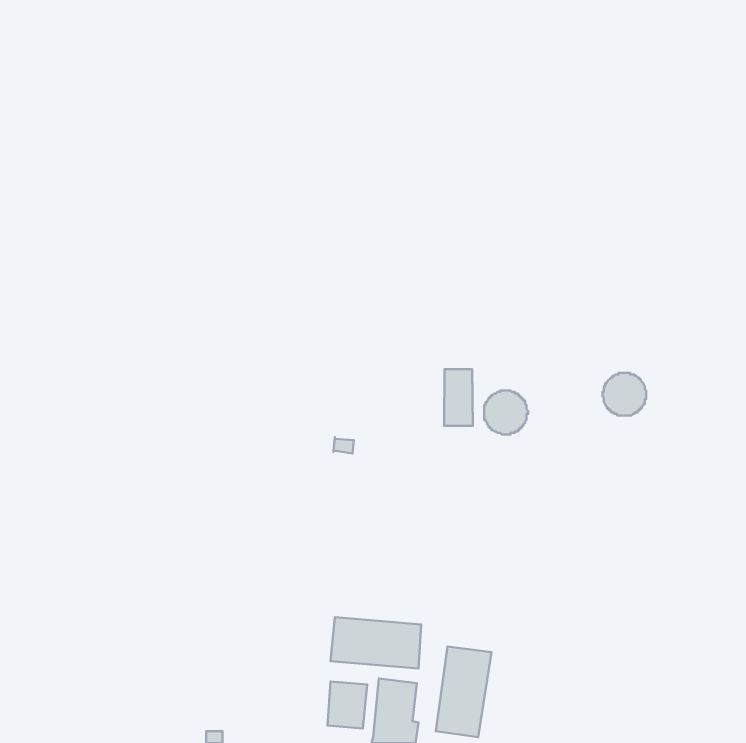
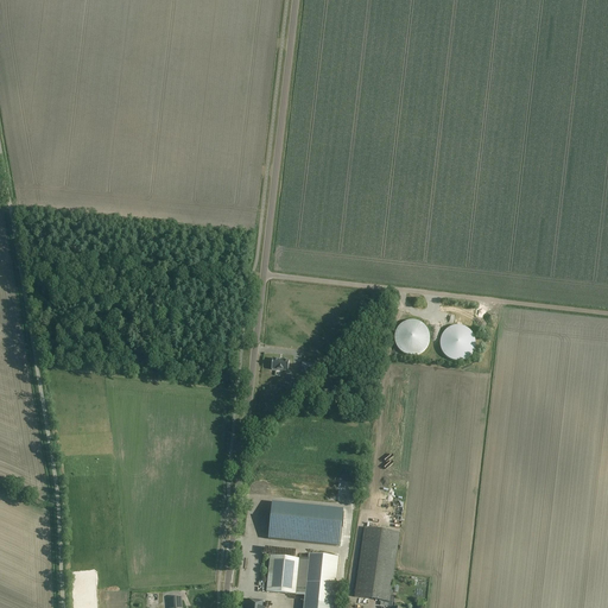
building: [444,369,473,426] -> none
building: [602,373,646,415] -> [438,323,474,357]

